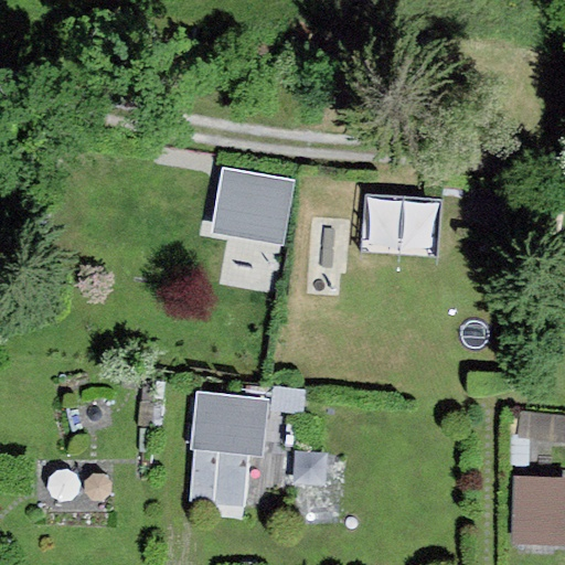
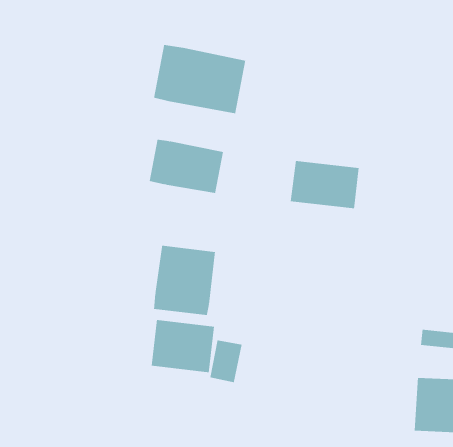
building: none -> [153,44,246,114]
building: none -> [154,245,215,316]

